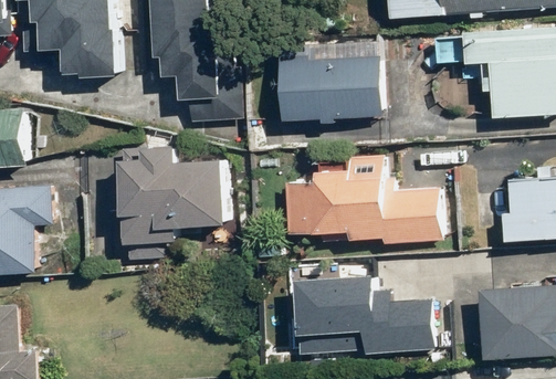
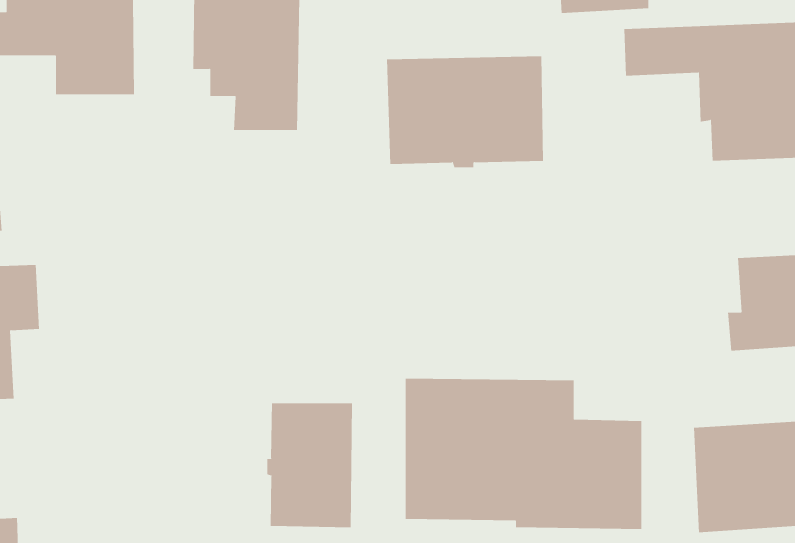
building: [119,145,224,245] -> none
building: [284,171,441,243] -> none
building: none -> [267,402,353,528]

